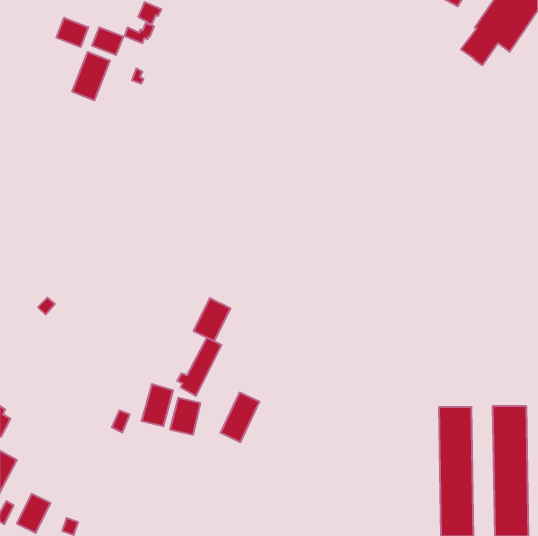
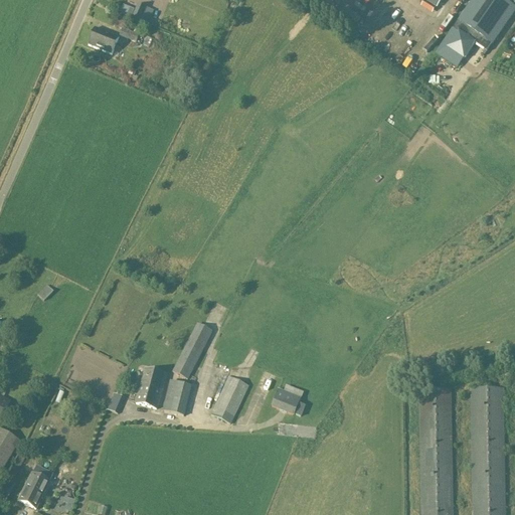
building: [56,18,88,47] -> none
building: [72,52,110,100] -> none
building: [194,298,230,341] -> none
building: none -> [271,387,305,415]

